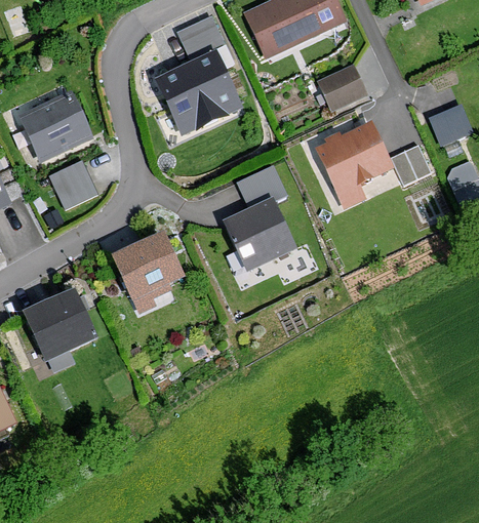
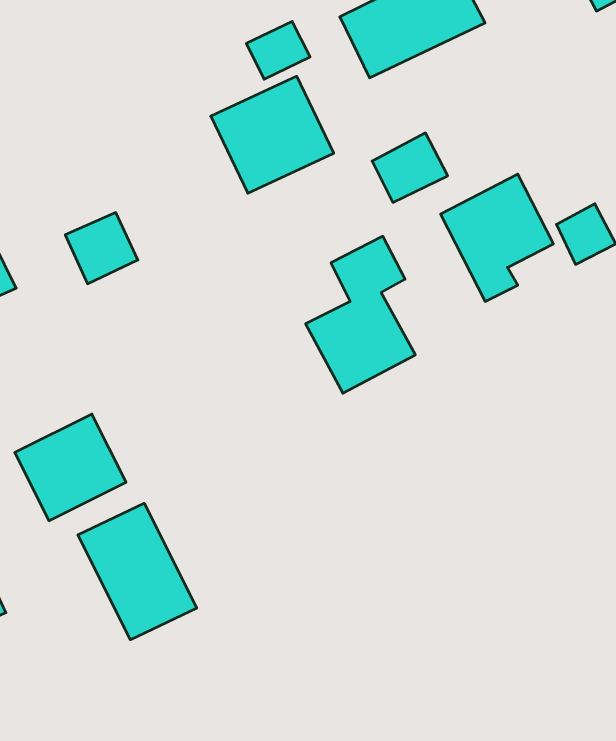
building: [318,61,370,109] -> [372,133,448,202]
building: [15,93,91,165] -> none
building: [112,236,184,314] -> none
building: none -> [78,503,197,640]

